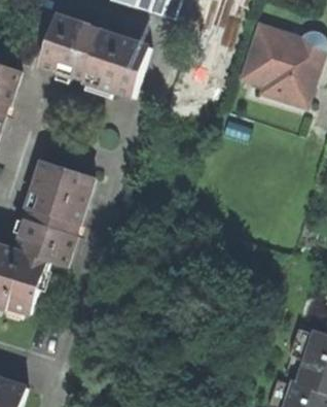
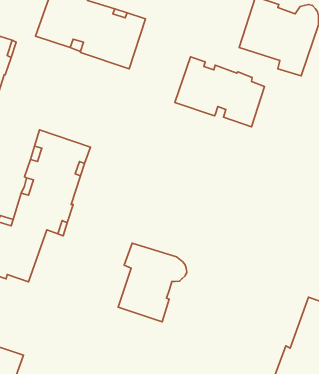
building: none -> [175,57,264,127]
building: none -> [118,243,187,322]

